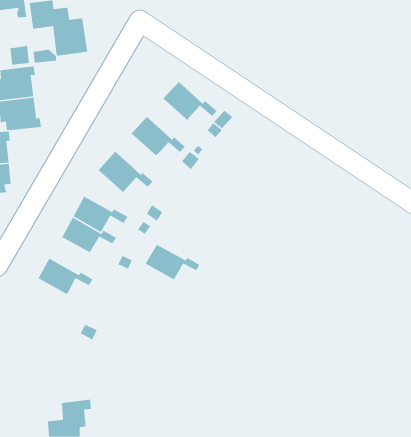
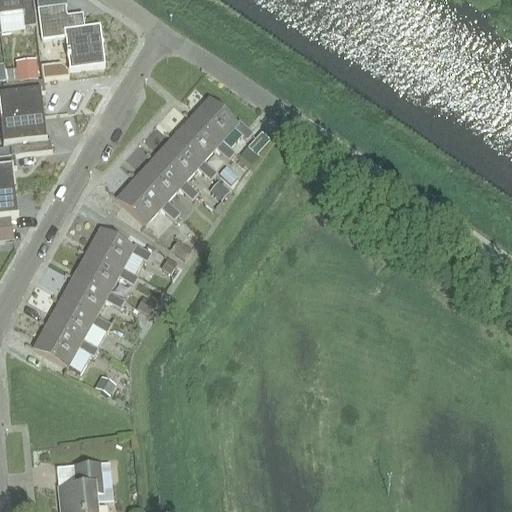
building: none -> [171,116,234,162]
building: none -> [135,156,197,202]
building: [144,244,200,280] -> [59,275,123,317]
building: none -> [32,322,97,366]

